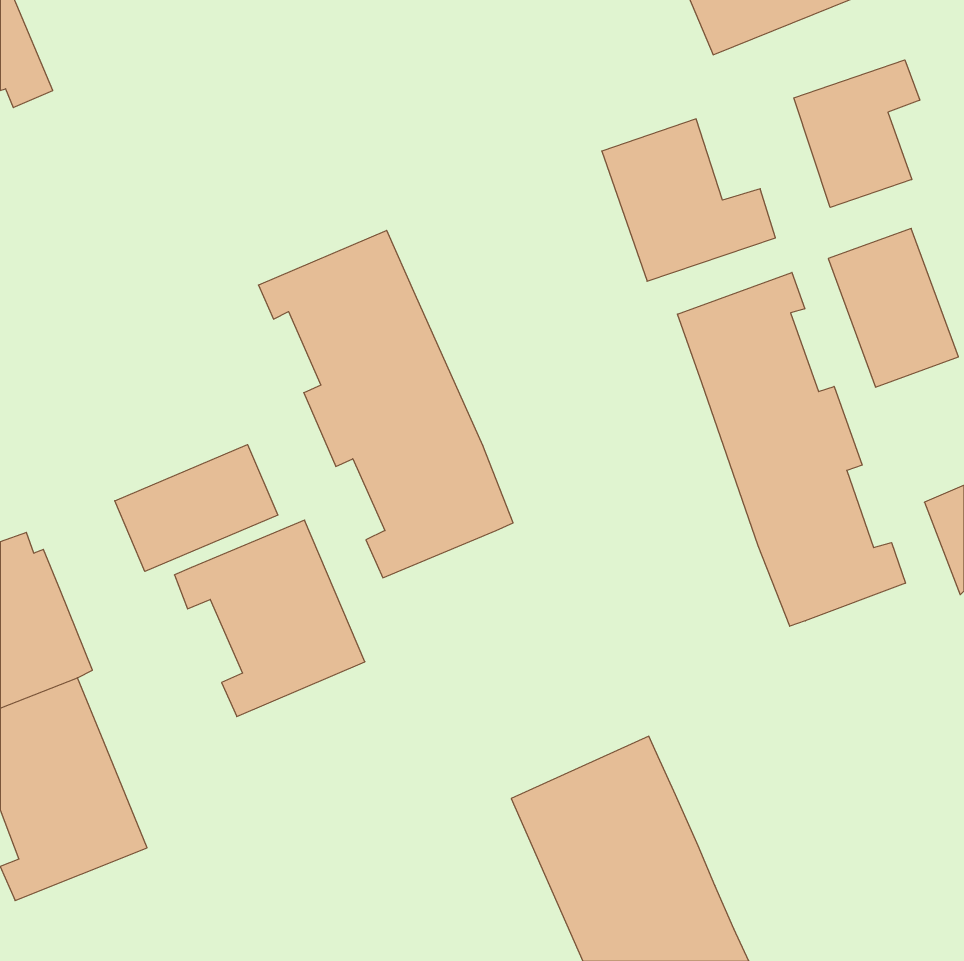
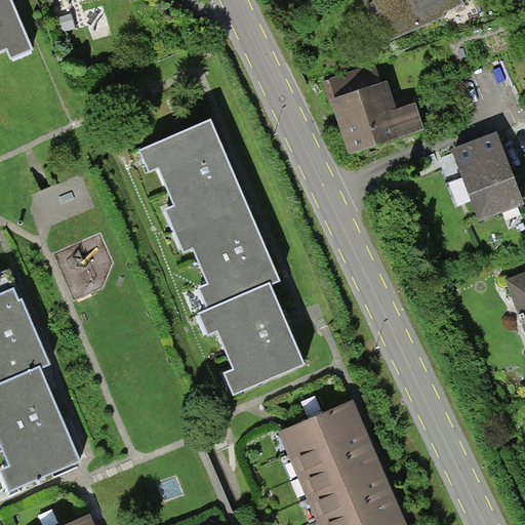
building: [794,60,920,207] -> none
building: [677,272,905,626] -> none
building: [115,445,278,571] -> none
building: [174,520,365,717] -> [199,288,302,395]

